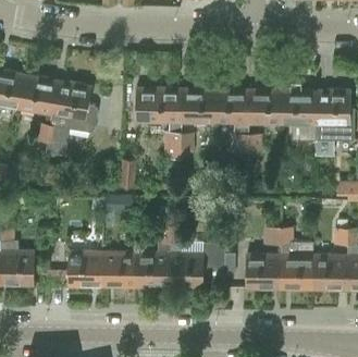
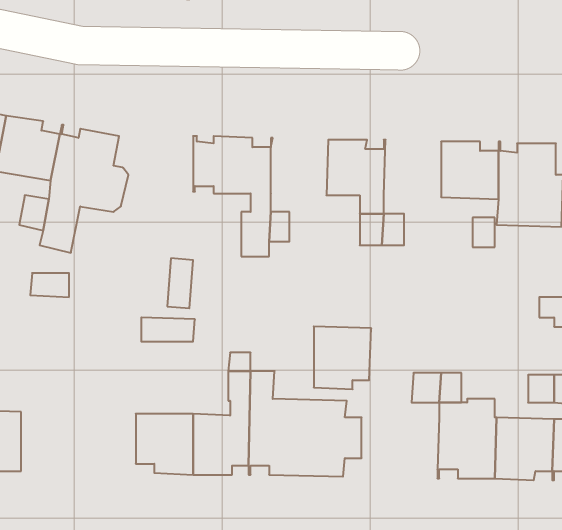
building: [181,89,214,123] -> none
building: [247,90,281,124] -> none
building: [67,250,101,286] -> none
building: [246,253,280,290] -> [314,326,371,389]

